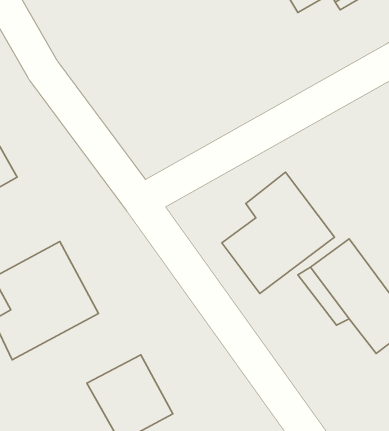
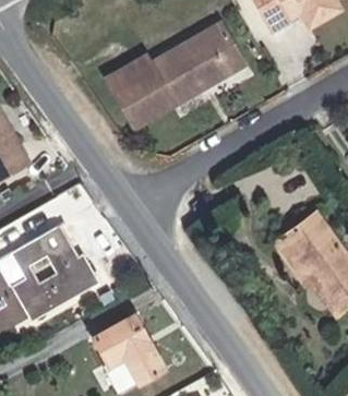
building: none -> [109,24,240,124]
building: [222,172,334,293] -> none

